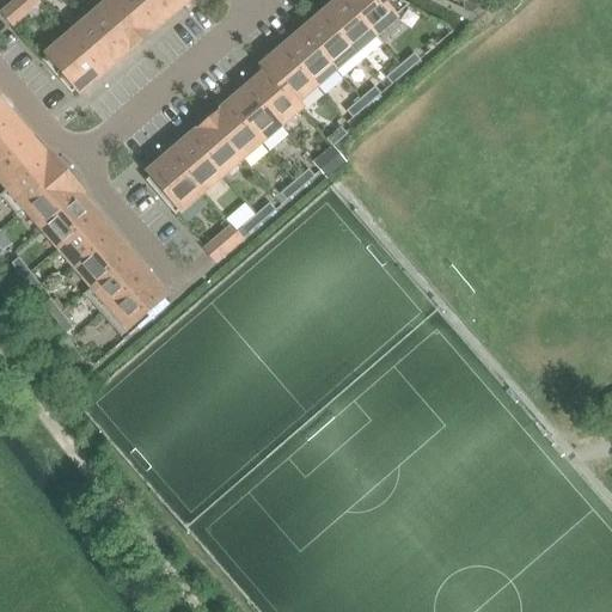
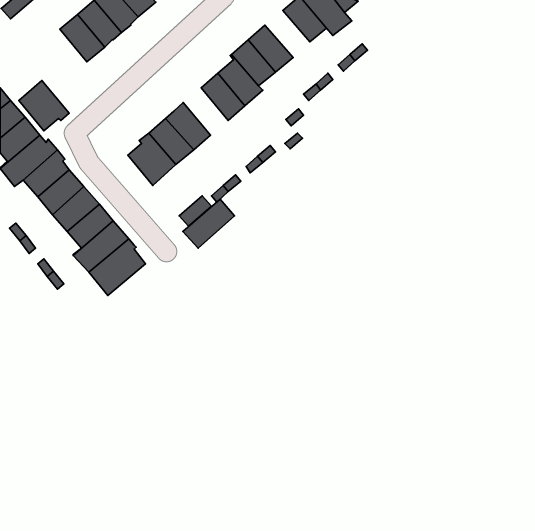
building: [302,12,354,66] -> none
building: [42,33,99,91] -> [19,81,69,131]
building: [209,100,261,154] -> none
building: none -> [183,199,235,248]

